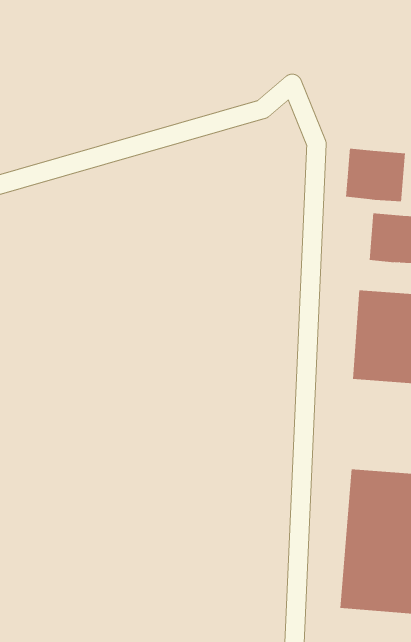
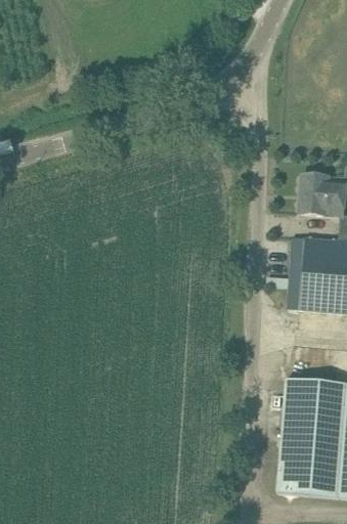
building: [345,148,405,202] -> none

